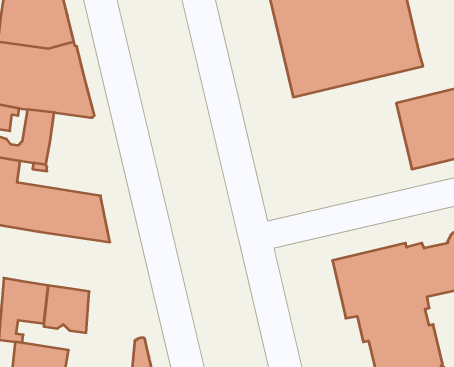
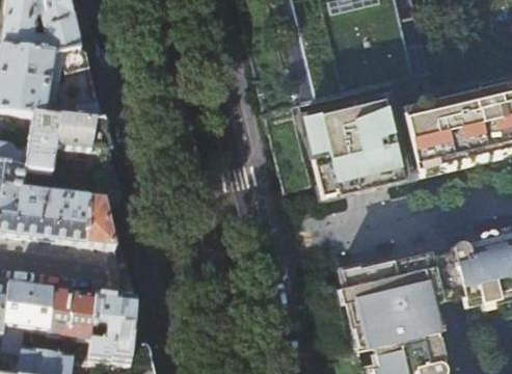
building: none -> [303,97,402,196]
building: none -> [54,116,95,151]
building: none -> [88,297,132,366]

